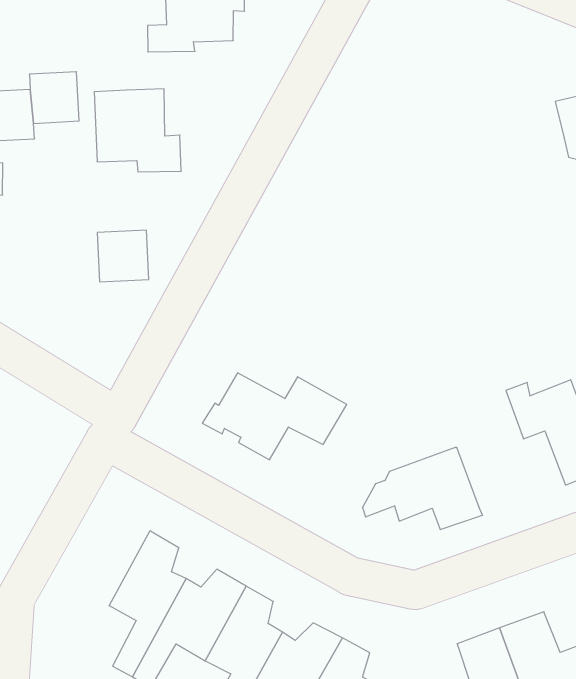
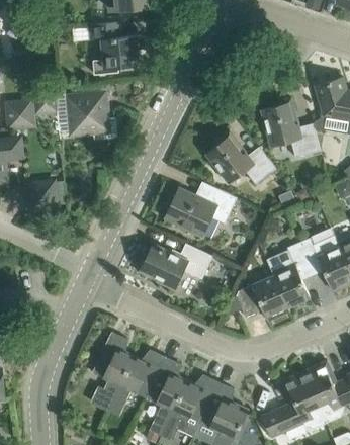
building: none -> [260,97,320,157]
building: none -> [205,130,275,185]
building: [97,230,149,282] -> [26,181,56,210]
building: none -> [165,185,237,235]
building: none -> [265,243,309,306]

